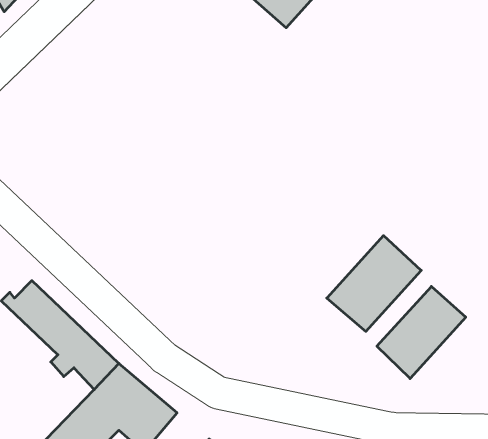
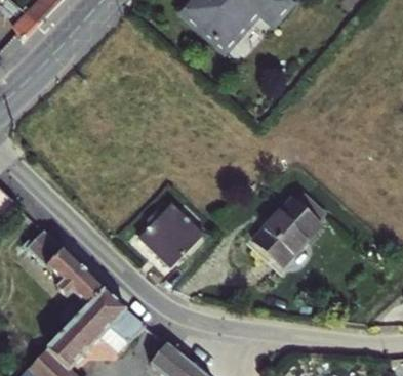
building: none -> [138,201,202,266]
building: [377,286,466,379] -> none

